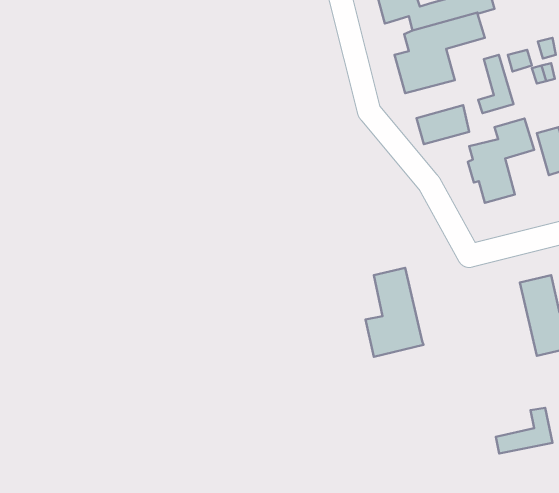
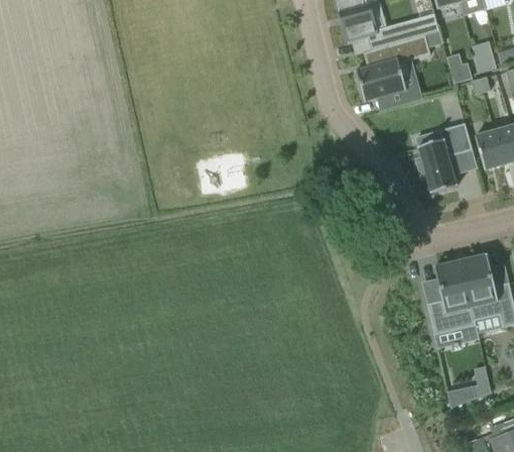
building: [478,55,513,113] -> none
building: [416,105,469,144] -> none
building: [365,268,423,357] -> [428,260,477,335]

